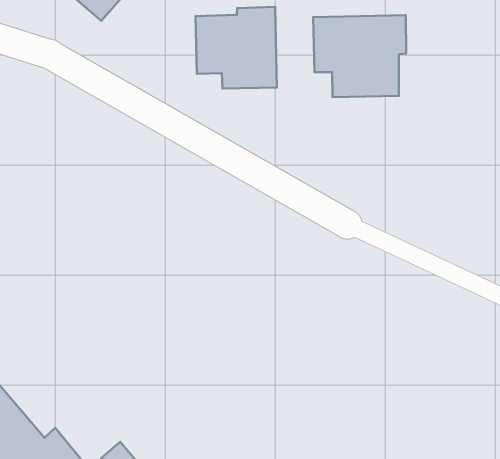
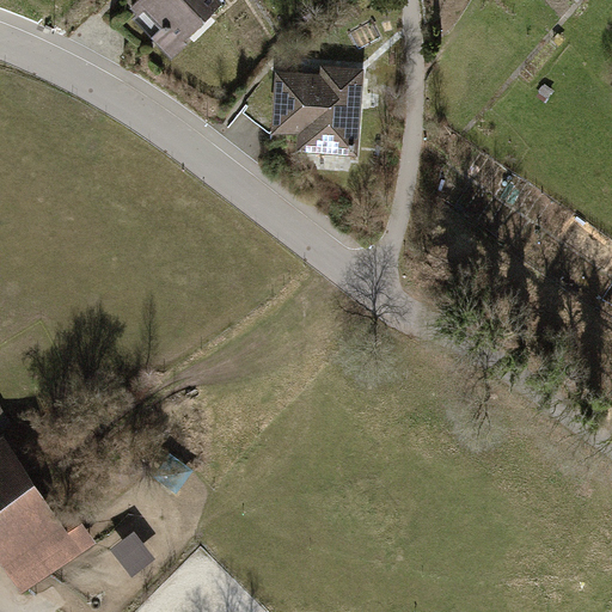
building: [313,15,406,97] -> none

